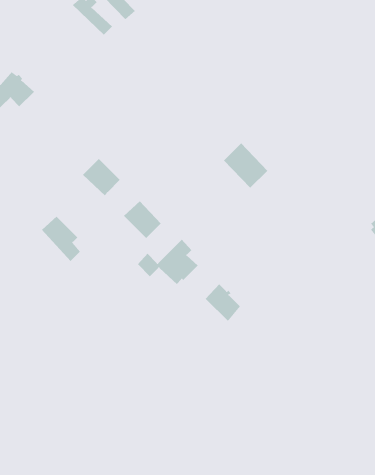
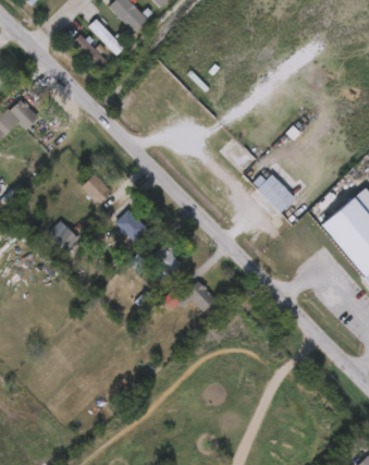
building: [223,143,268,189] -> [259,173,297,212]

